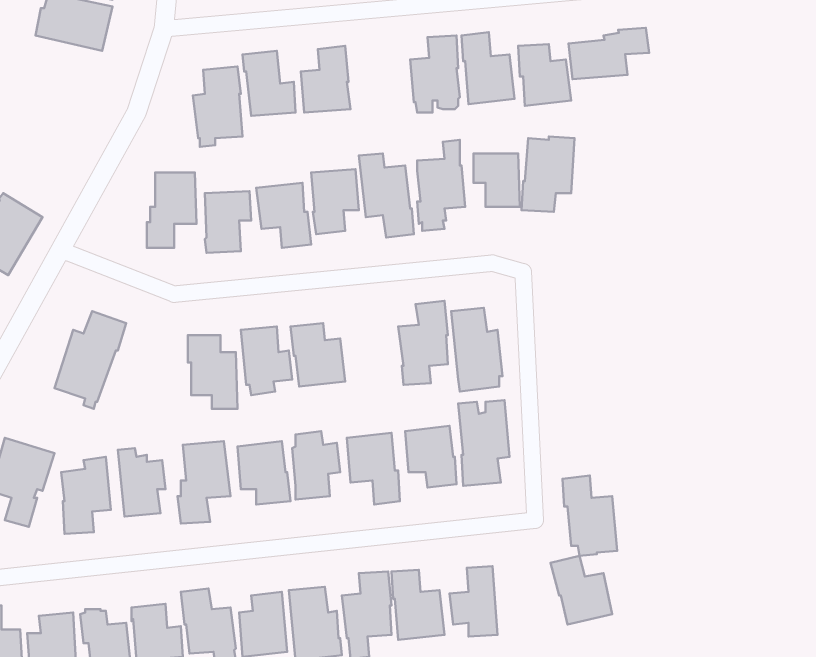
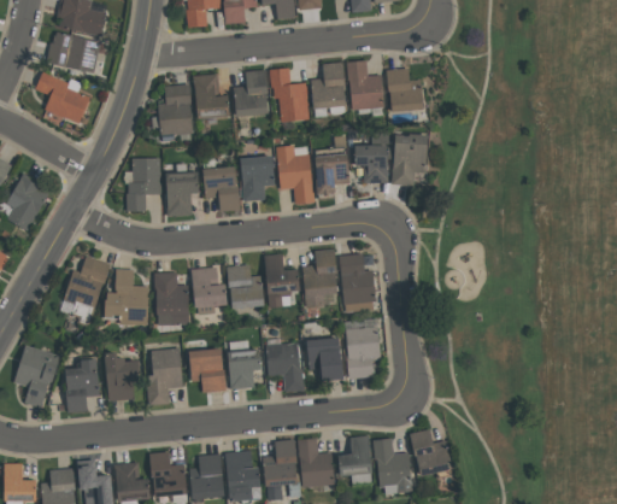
building: [569,28,649,79] -> none
building: none -> [268,68,307,121]
building: none -> [35,71,90,123]
building: none -> [264,253,300,307]
building: none -> [105,269,149,326]
building: [563,476,617,556] -> [374,438,412,494]

